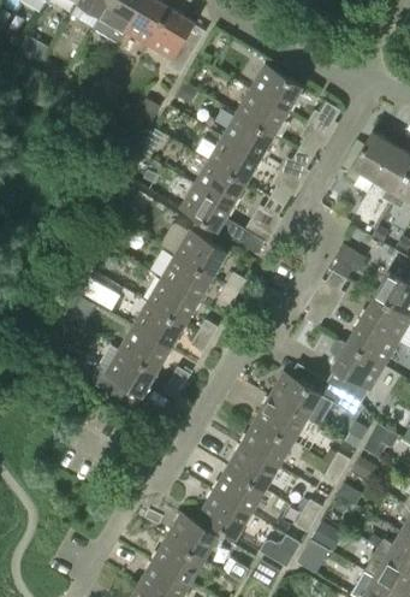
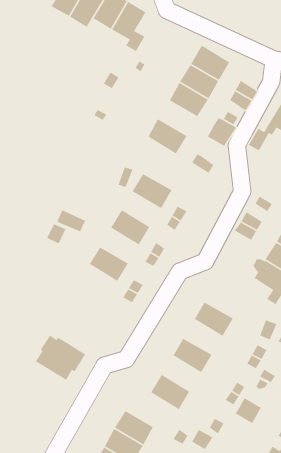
building: [208,137,260,183] -> none
building: [180,184,263,253] -> none
building: [161,255,213,301] -> none
building: [133,302,184,348] -> none
building: [90,347,156,407] -> [35,334,86,381]
building: [268,372,349,426] -> none
building: [240,420,292,466] -> none
building: [213,467,265,514] -> none
building: [166,513,218,560] -> none

